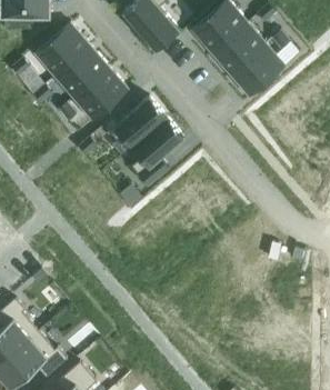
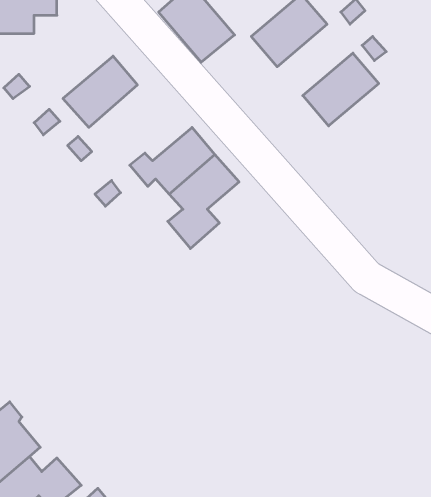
building: [210,22,266,74] -> none
building: [34,23,90,77] -> none
building: [72,67,128,120] -> none

